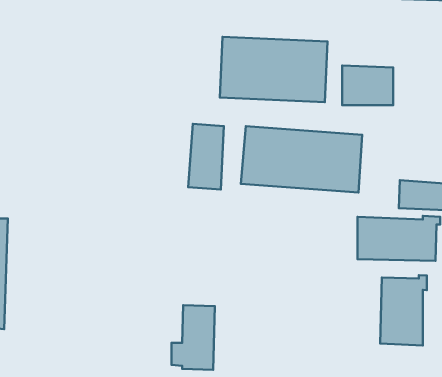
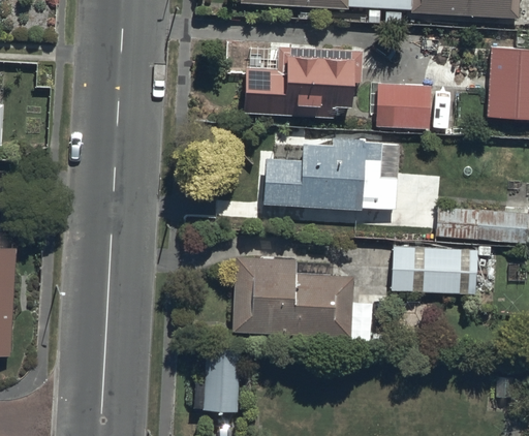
building: [188,124,224,189] -> none
building: none -> [231,255,371,342]
building: [380,275,427,346] -> none

